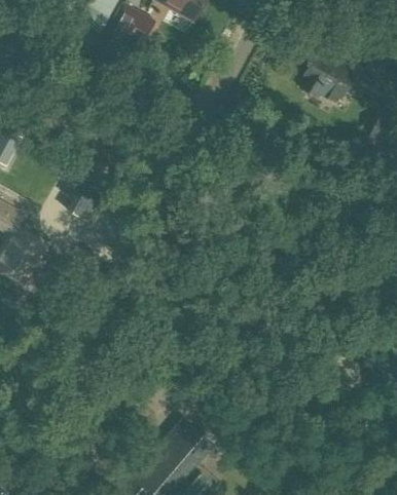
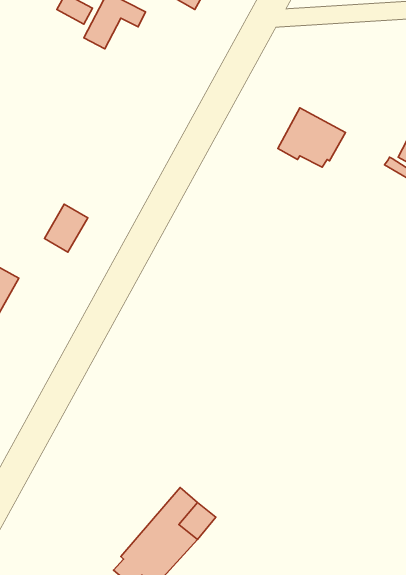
building: [300,53,357,103] -> [278,108,346,167]

